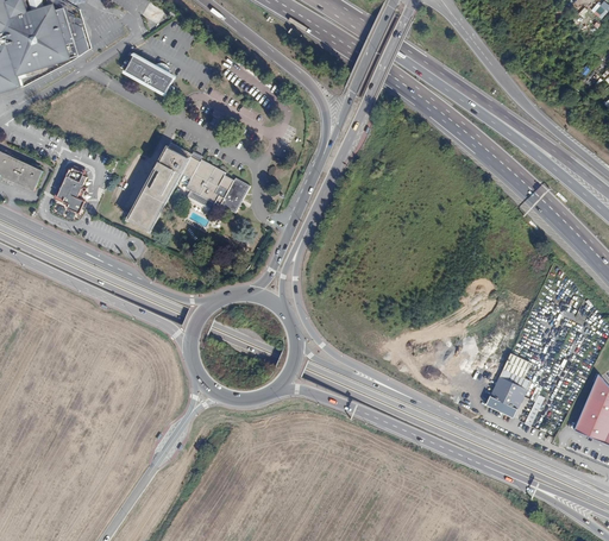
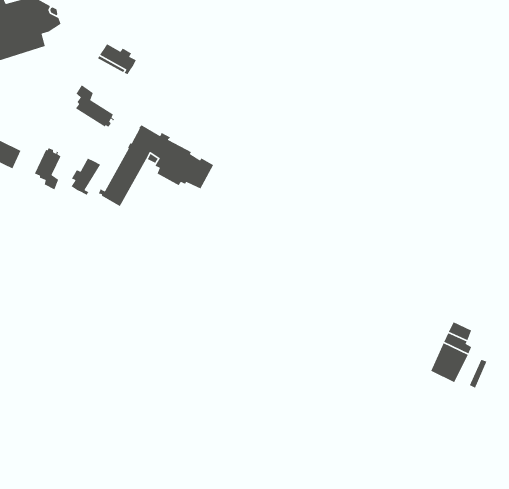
building: none -> [75,84,115,128]
building: none -> [71,158,101,196]

